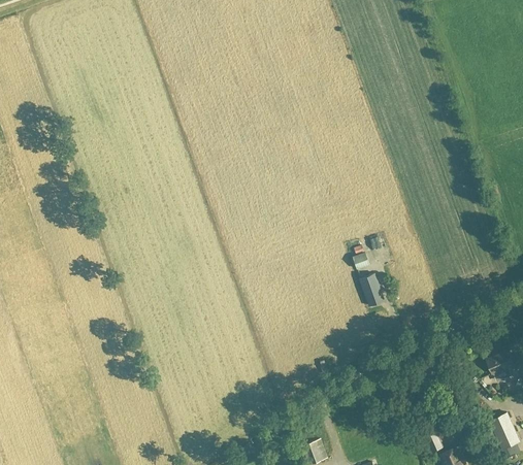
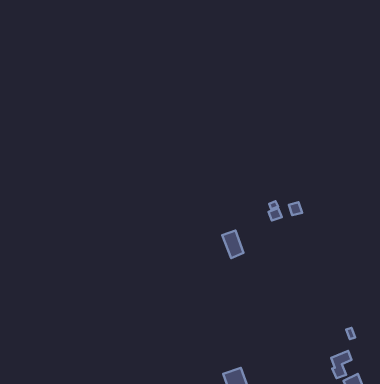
building: [359,274,384,306] -> [222,231,244,258]

